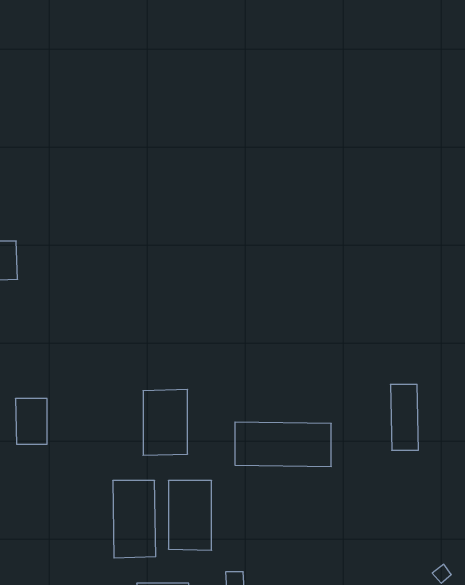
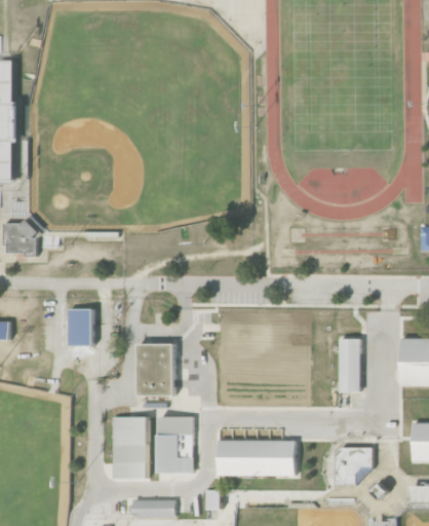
building: [15,399,47,444] -> [69,308,94,345]
building: [235,422,331,466] -> [218,440,296,476]
building: none -> [335,447,369,484]

